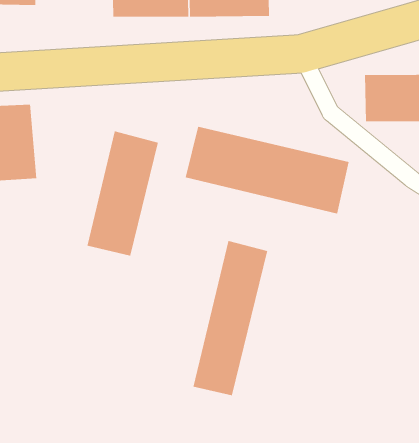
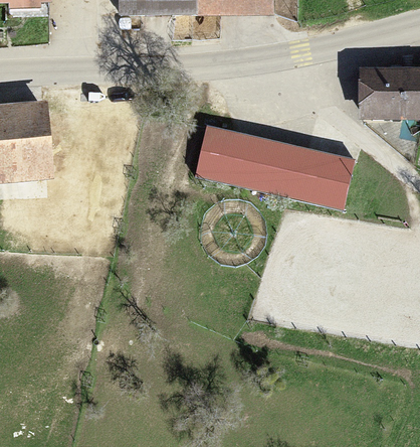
building: [87,131,159,256] -> none
building: [193,240,268,396] -> none

